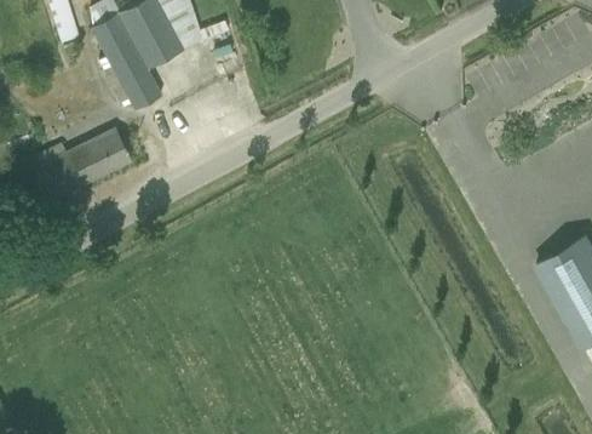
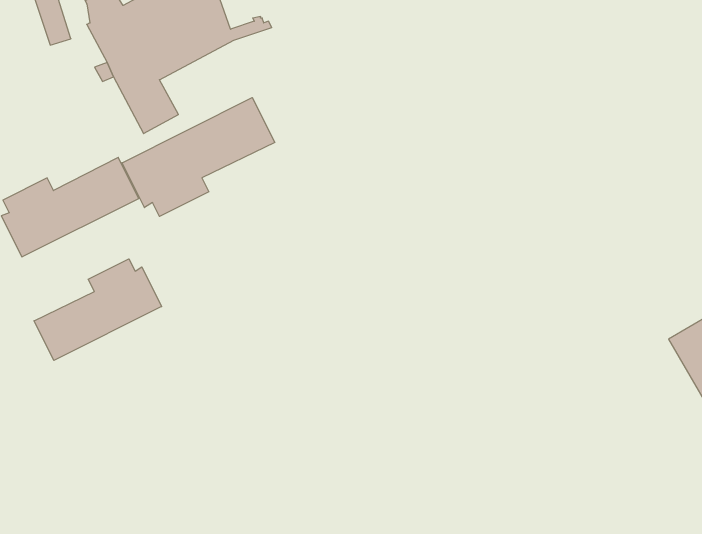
building: none -> [122,98,275,216]
building: none -> [34,259,162,360]

